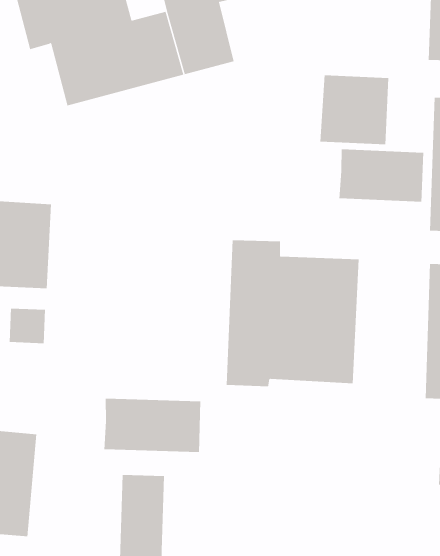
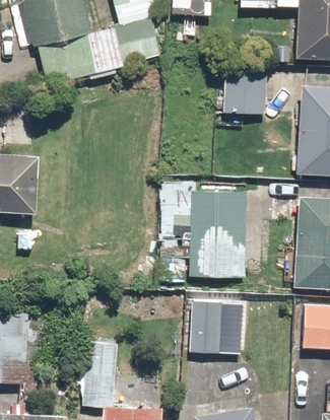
building: [339,149,424,202] -> none
building: [104,398,201,453] -> none
building: none -> [191,299,245,354]

